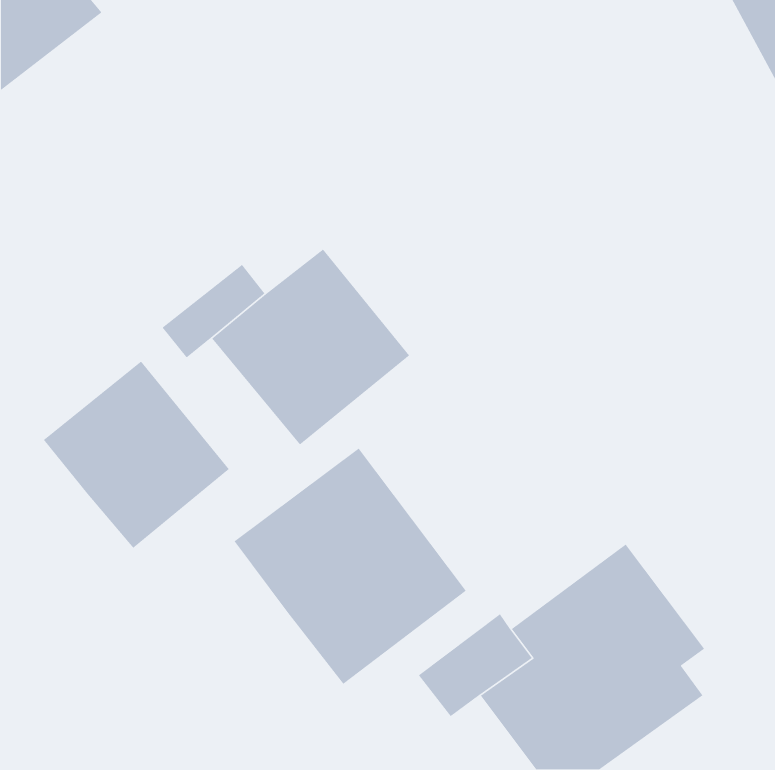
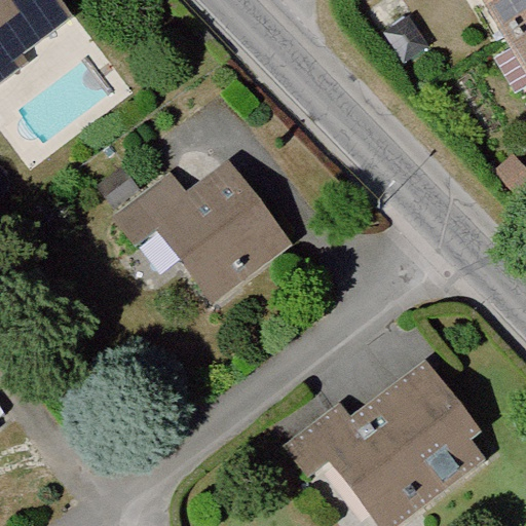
building: [43,360,230,549] -> none
building: [233,448,467,685] -> none

